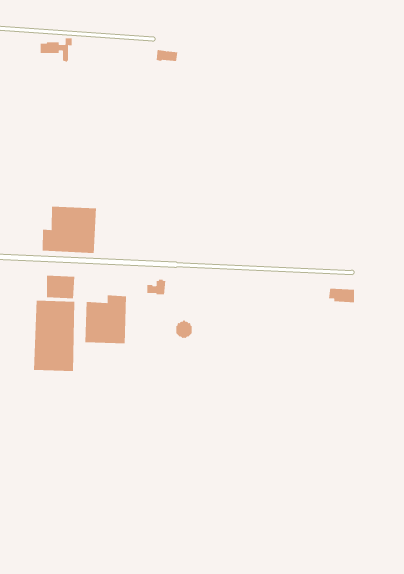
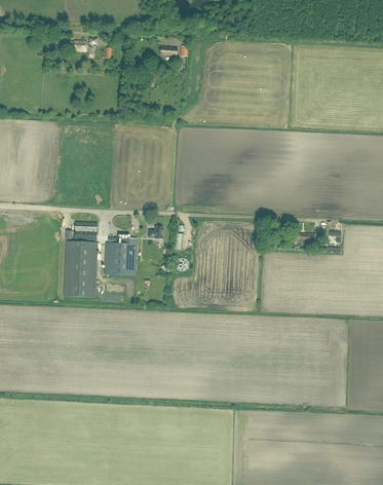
building: [42,206,96,254] -> none

